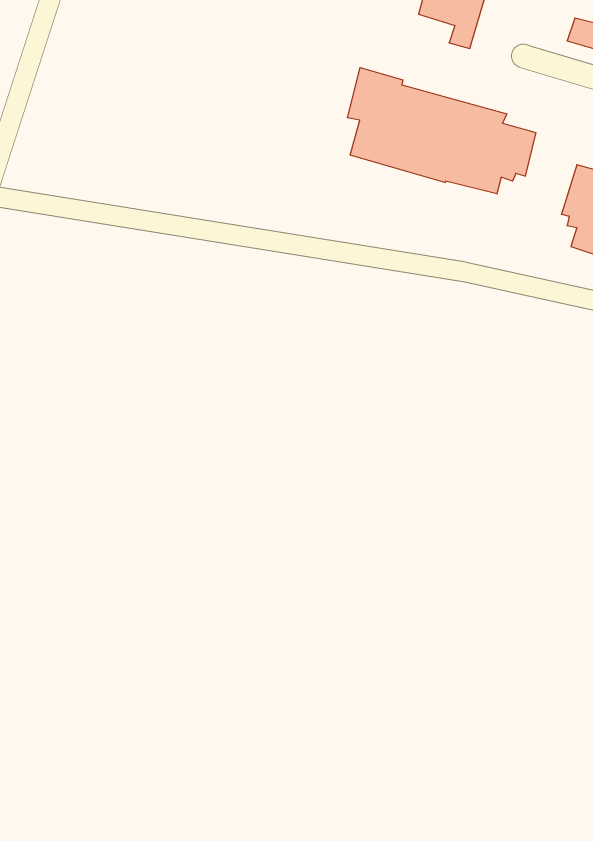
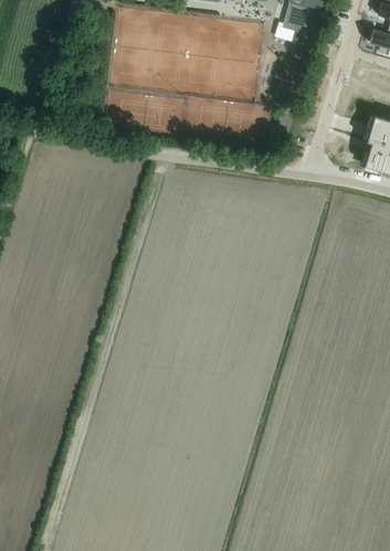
building: [347,68,536,194] -> none

